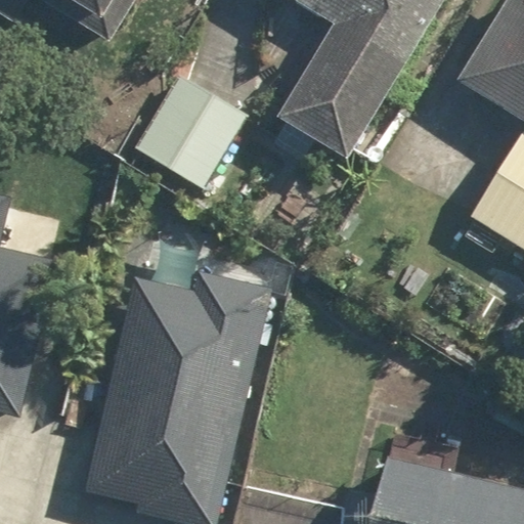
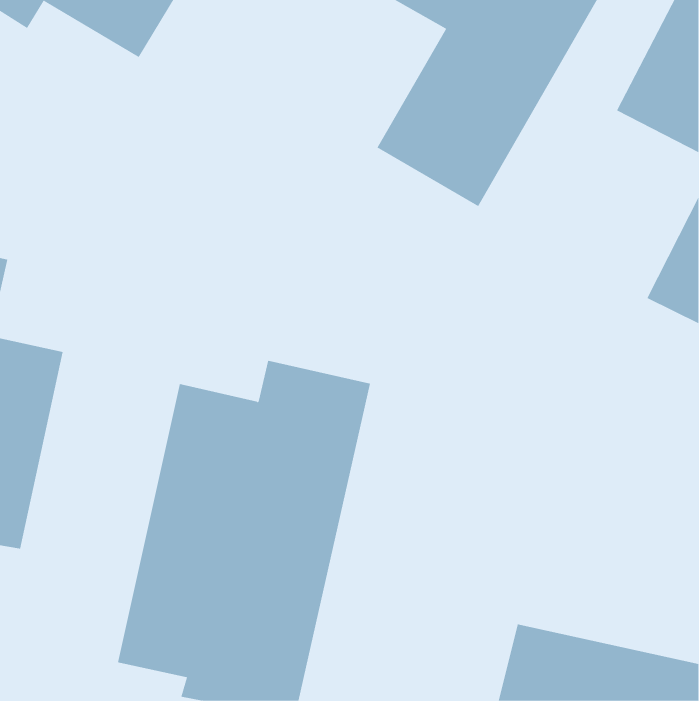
building: [132,71,248,187] -> none

